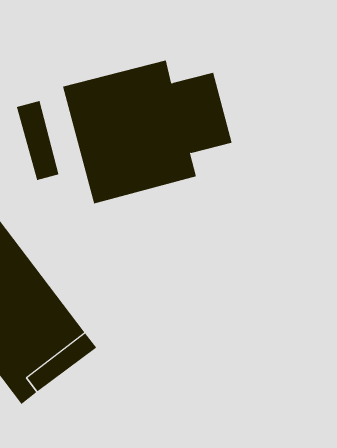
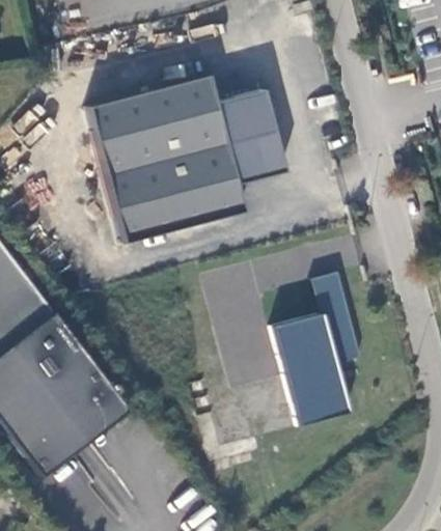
building: [16,100,59,181] -> none
building: none -> [272,270,360,423]

